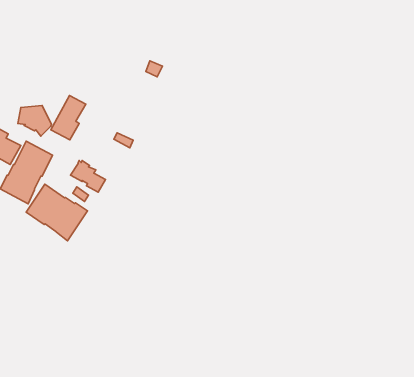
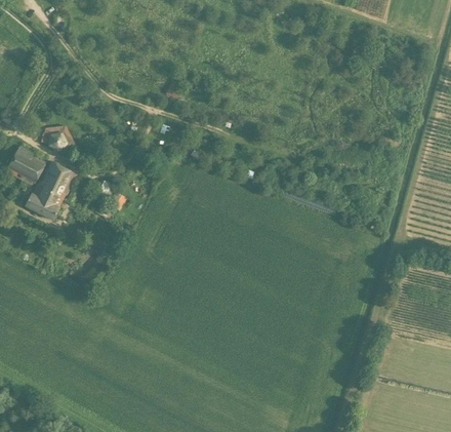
building: [51,95,86,140] -> none
building: [26,184,88,241] -> none

